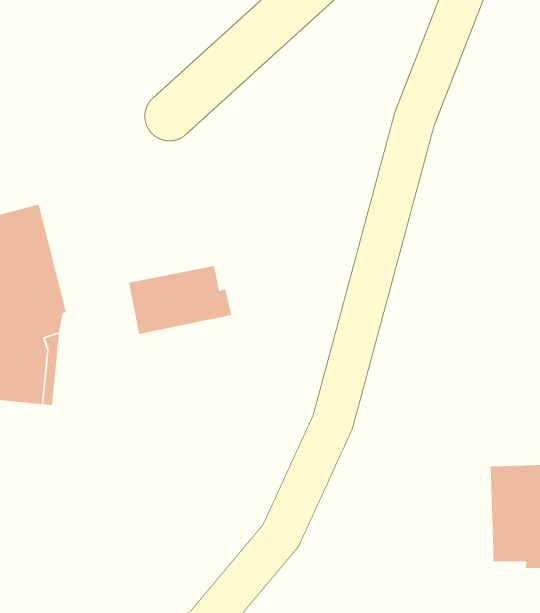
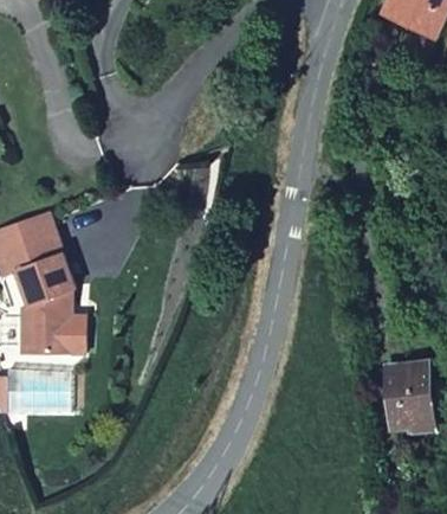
building: [128,265,232,335] -> none

